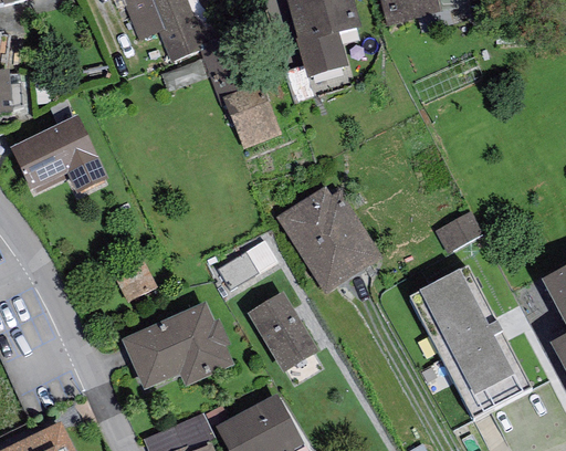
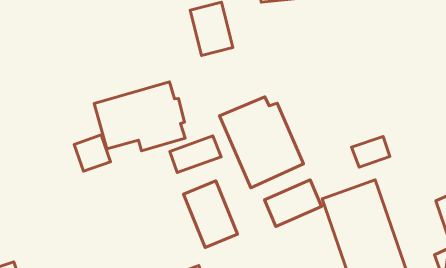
building: [9,114,108,196] -> none
building: none -> [265,180,322,226]
building: [122,301,233,389] -> [94,82,185,151]

